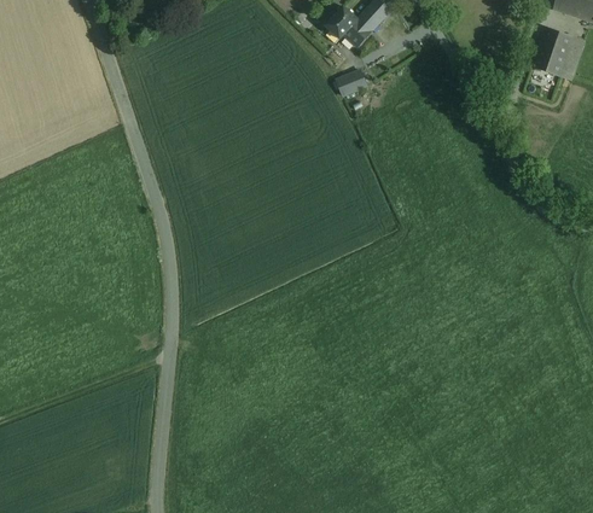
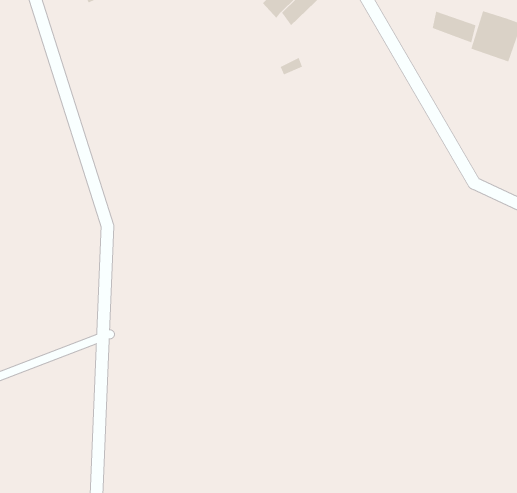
building: none -> [432,11,476,43]

